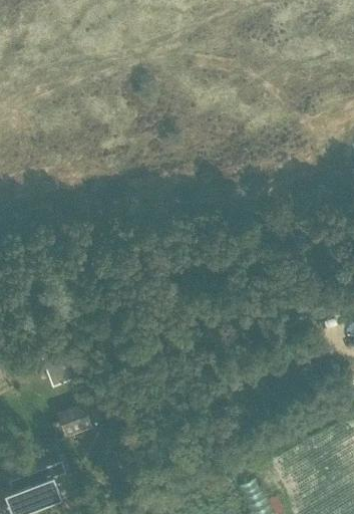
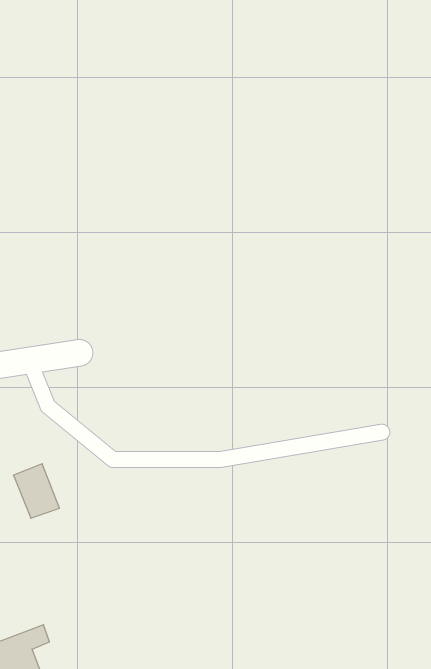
building: [57,406,93,441] -> none

